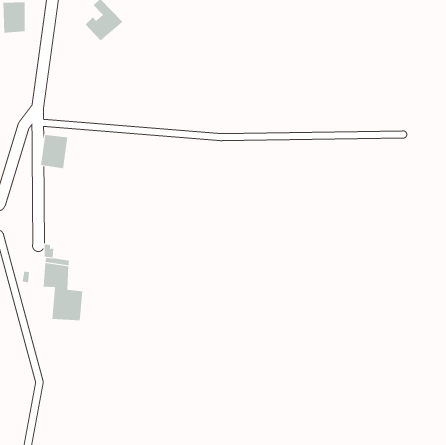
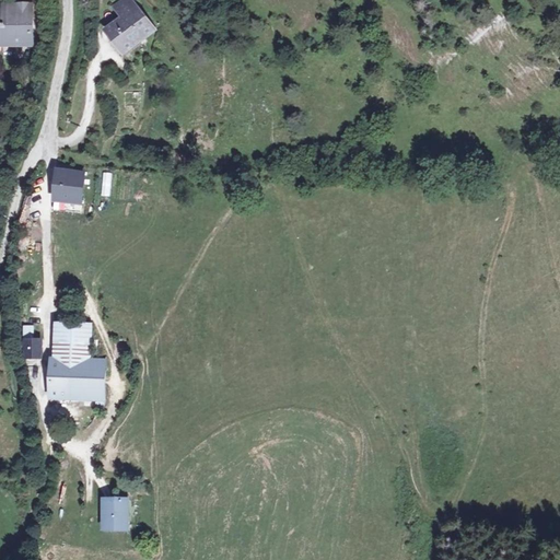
building: none -> [46,358,68,399]
building: none -> [100,497,128,528]

